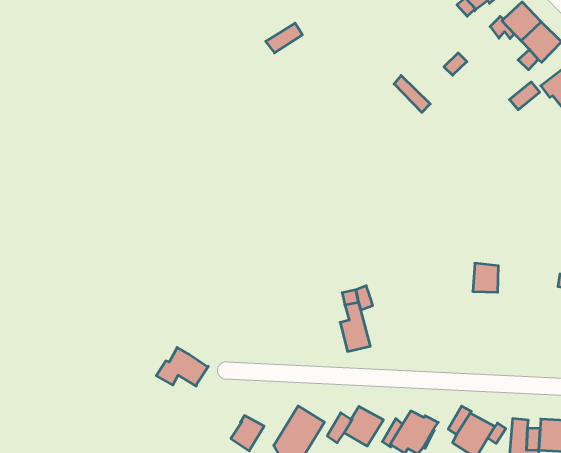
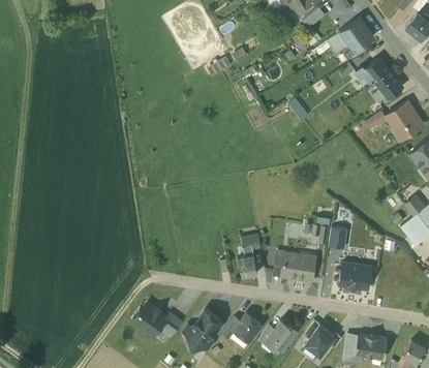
building: none -> [273,252,314,281]
building: none -> [338,263,370,289]
building: [156,347,208,386] -> [131,304,166,331]

